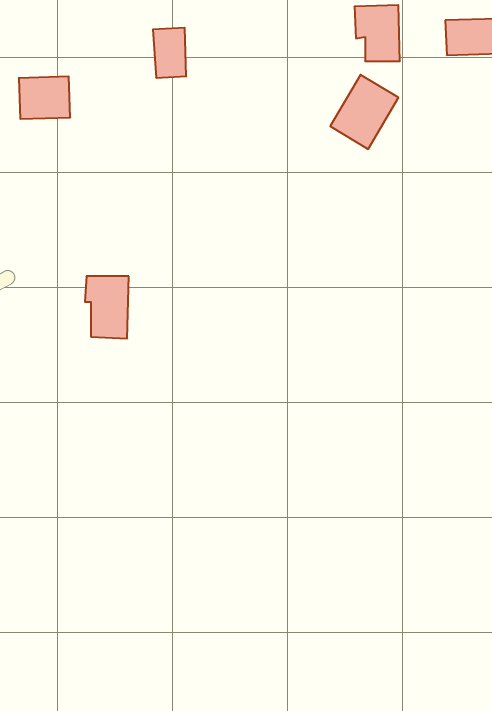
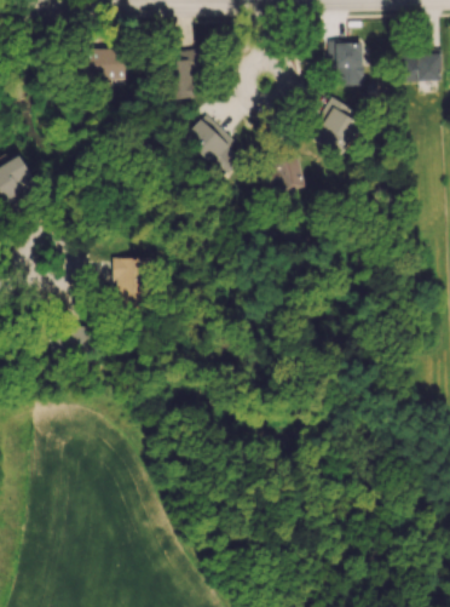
building: [19,76,70,119] -> [85,48,126,82]
building: none -> [184,113,243,177]
building: none -> [264,155,306,195]

